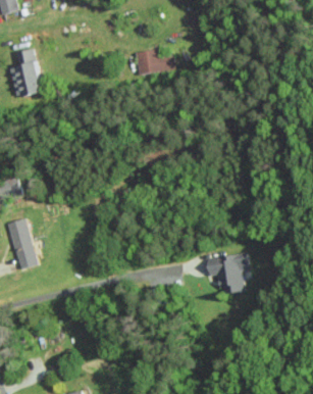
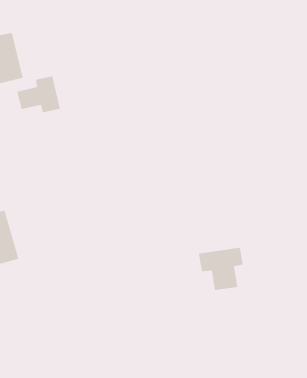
building: [136,50,175,75] -> none
building: none -> [17,76,61,113]

